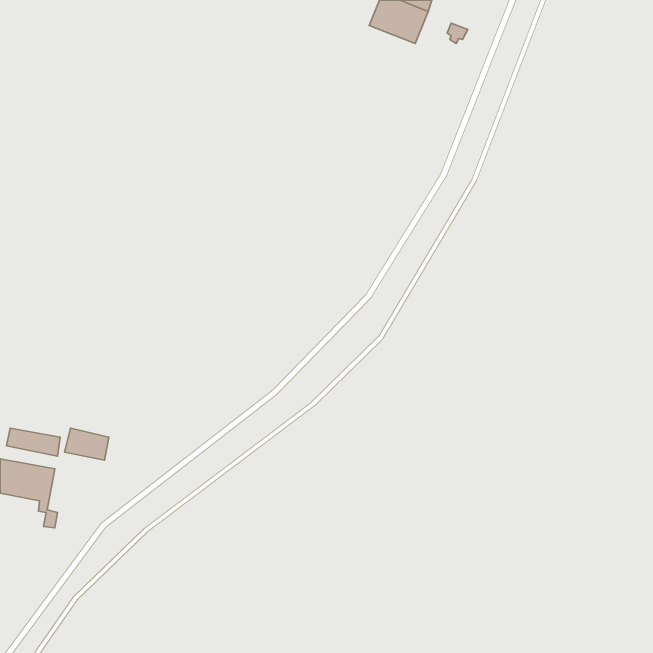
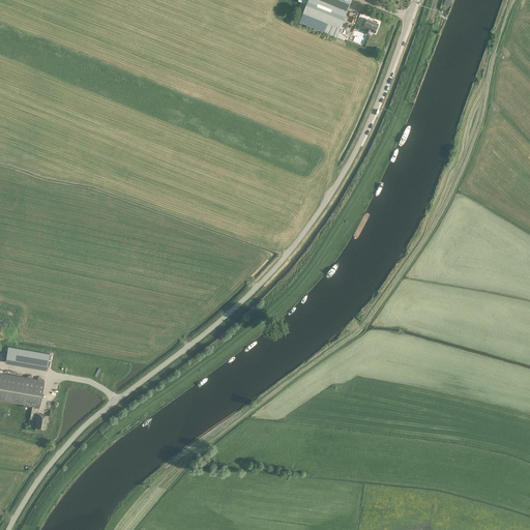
building: [65,428,109,460] -> none

